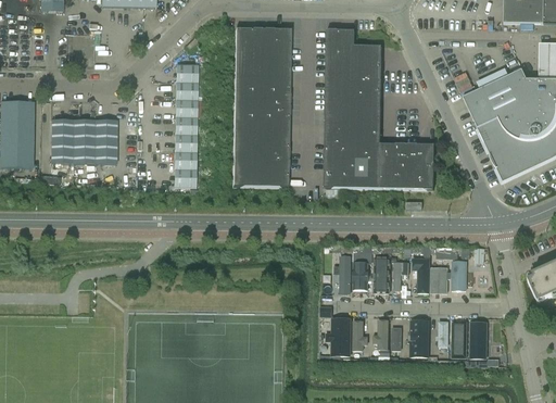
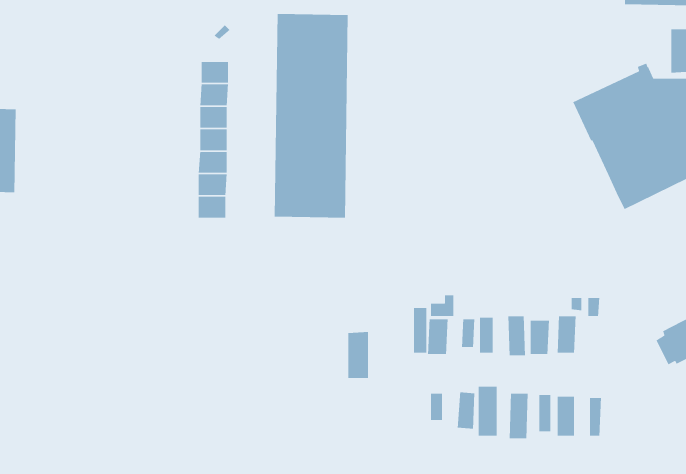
building: [324,28,434,188] -> none
building: [51,118,116,182] -> none
building: [332,318,349,355] -> [348,331,369,379]

